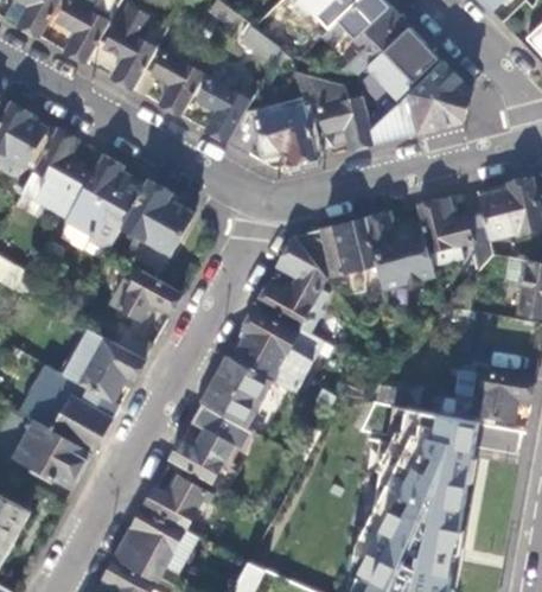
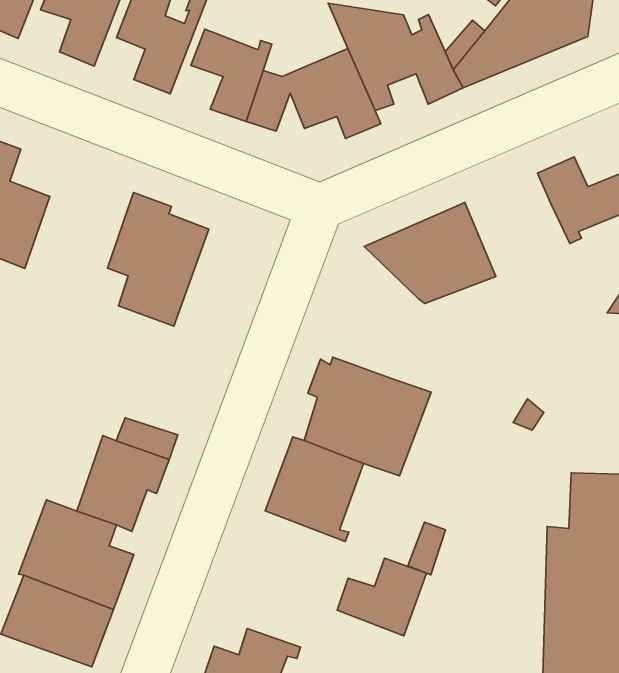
building: [64,152,144,250] -> none
building: [364,214,435,286] -> none
building: [255,237,326,327] -> none
building: [108,269,179,319] -> none
building: [168,431,231,484] -> [337,558,426,636]

